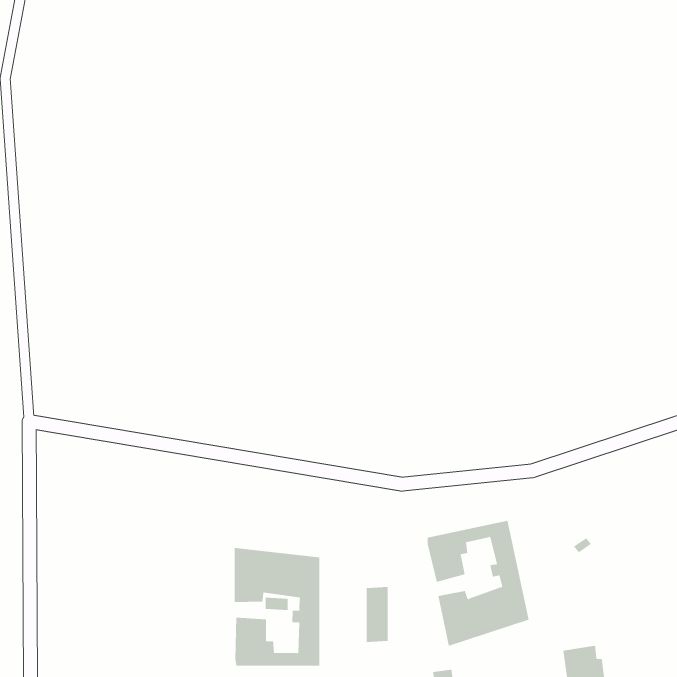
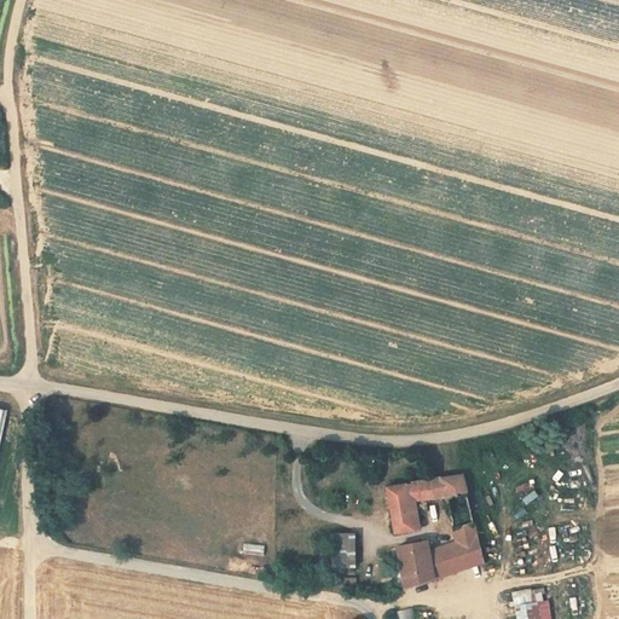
building: [234,547,320,667] -> none

